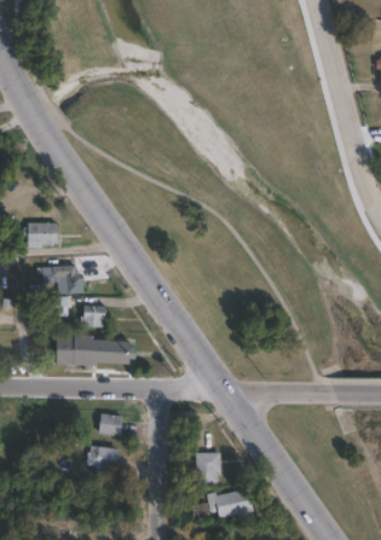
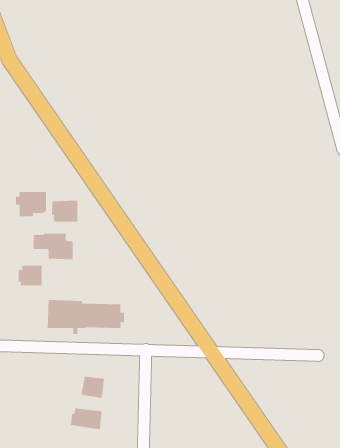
building: none -> [51,200,78,222]
building: [83,304,109,326] -> [18,265,42,286]
building: [192,452,218,482] -> none

